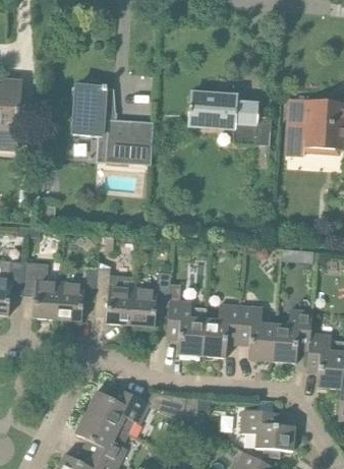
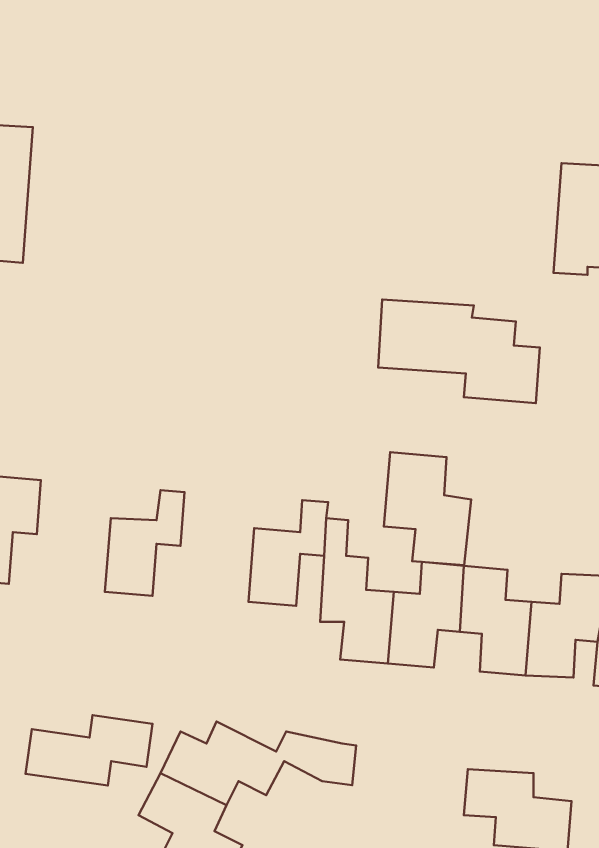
building: [73,80,151,164] -> none
building: [188,93,271,145] -> [378,300,540,403]
building: none -> [384,452,471,565]
building: [22,261,60,318] -> none
building: [96,268,133,324] -> none
building: none -> [26,715,152,785]

